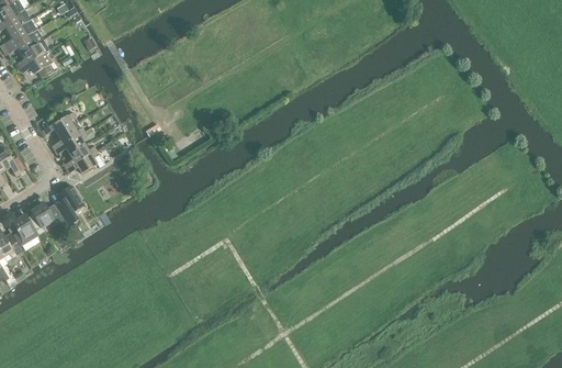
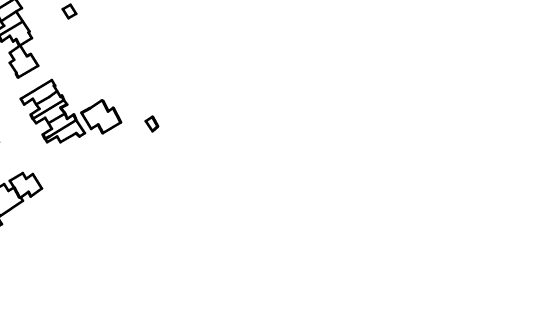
building: none -> [10,45,38,77]
building: none -> [81,101,121,133]
building: [55,186,81,225] -> none

